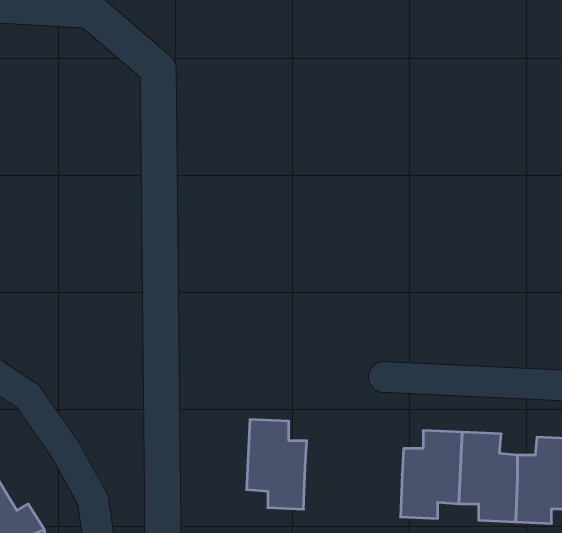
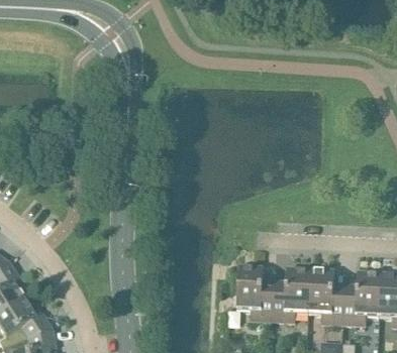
building: [247,420,307,509] -> [237,265,275,321]

